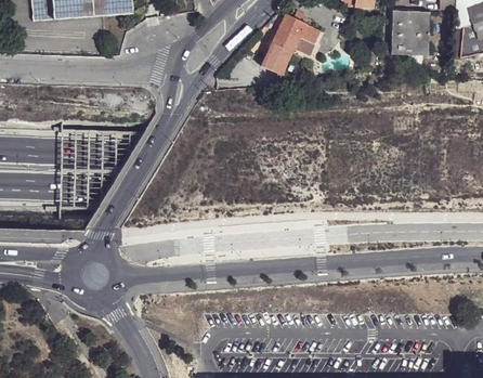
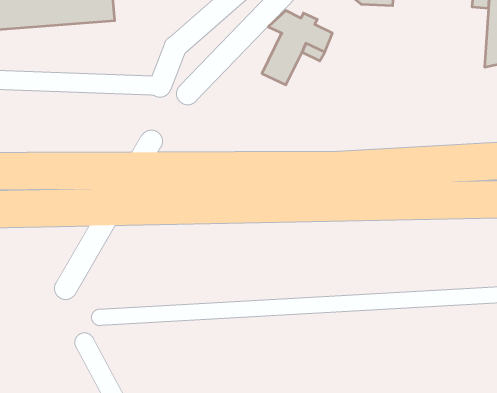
building: [391,10,430,54] -> none

